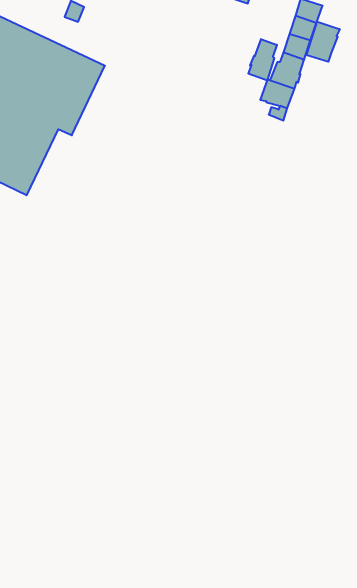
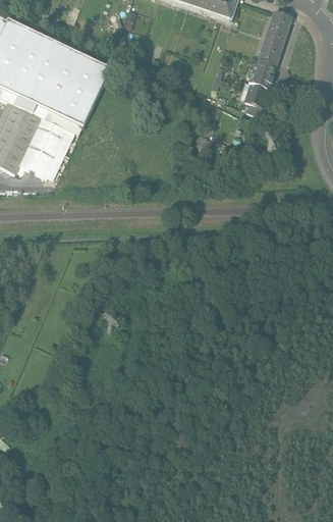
building: [306,22,340,62] -> none
building: [248,39,277,80] -> none

